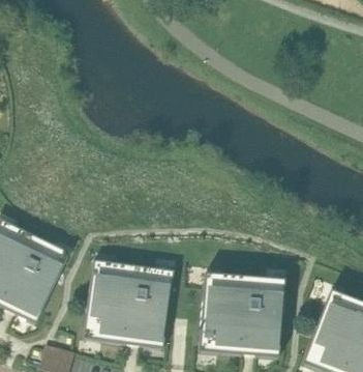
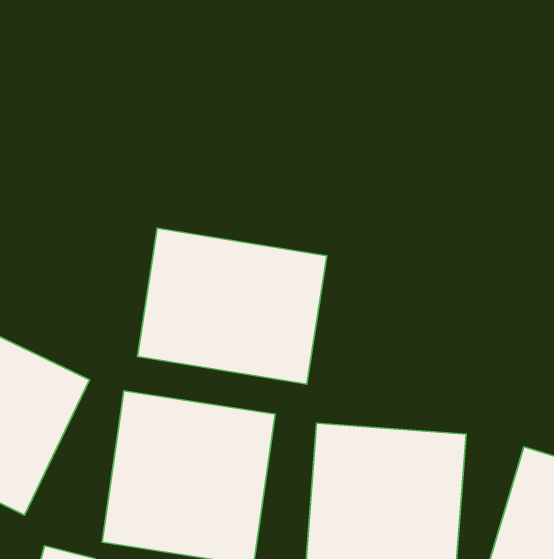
building: none -> [137,228,327,384]

